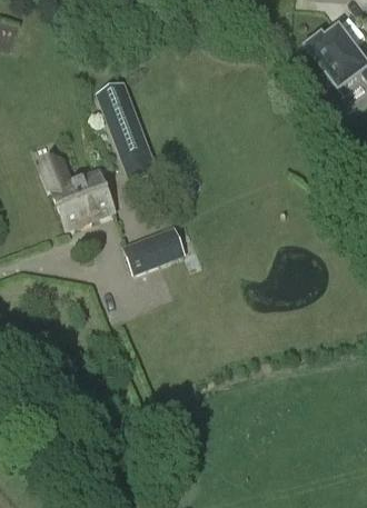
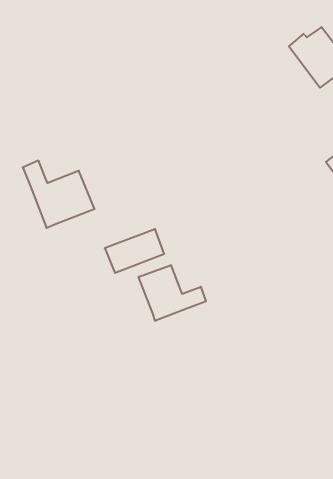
building: [98,82,152,168] -> none
building: none -> [139,265,206,321]

